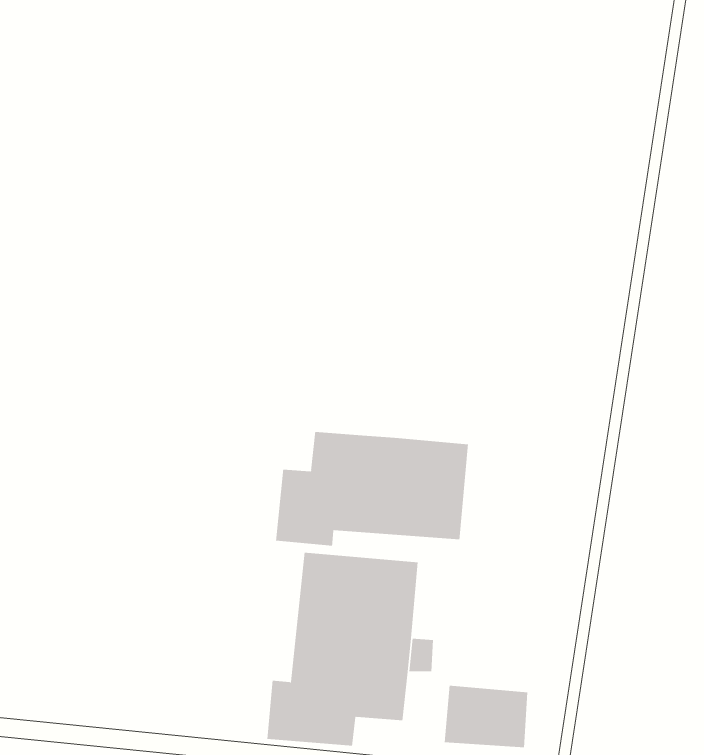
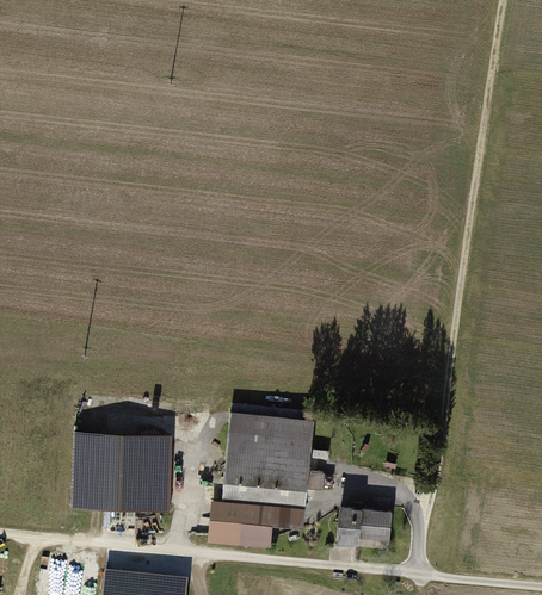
building: [275,431,468,546] -> none
building: none -> [69,430,170,510]

